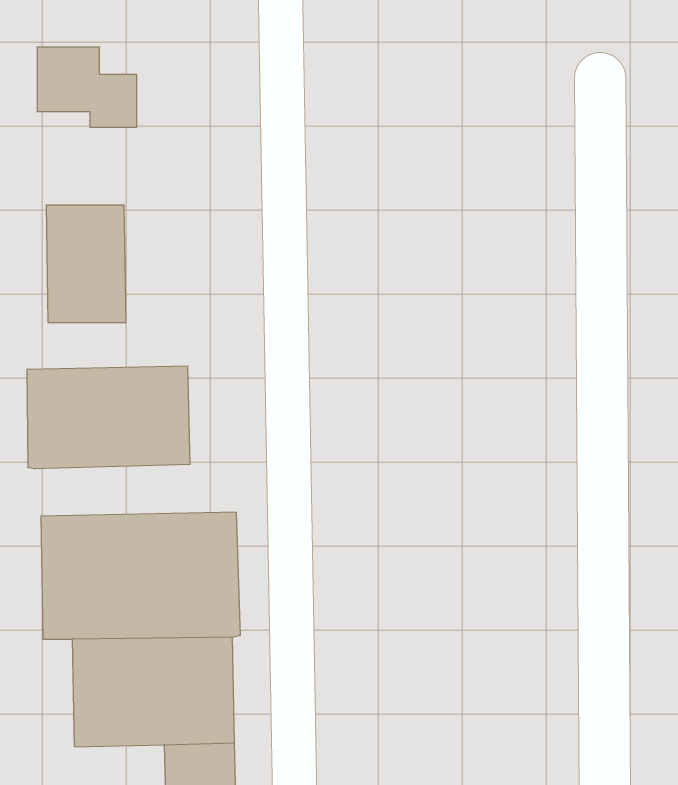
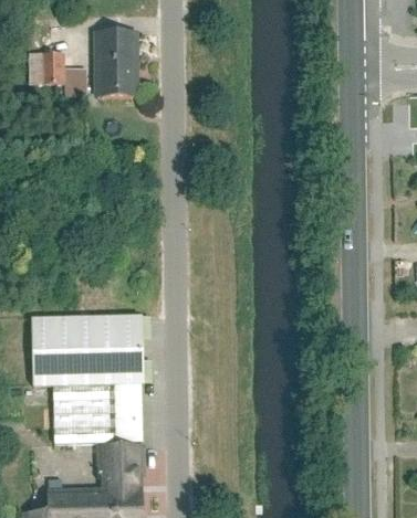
building: [46,205,126,322] -> [93,30,138,96]
building: [27,366,190,469] -> none

